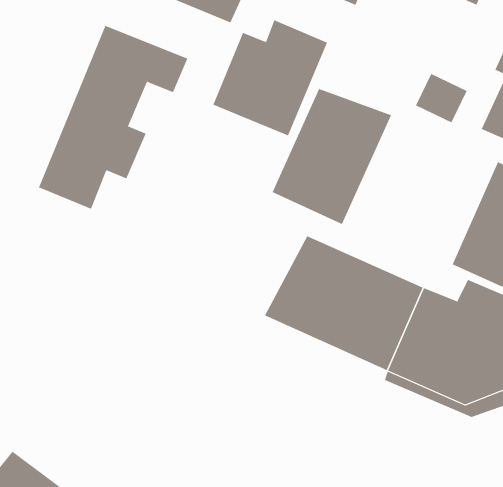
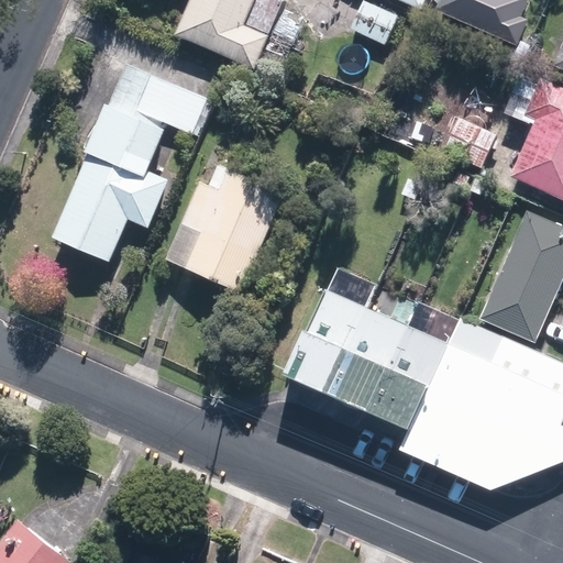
building: [212,20,328,136] -> [164,169,286,292]
building: [272,88,392,225] -> none

